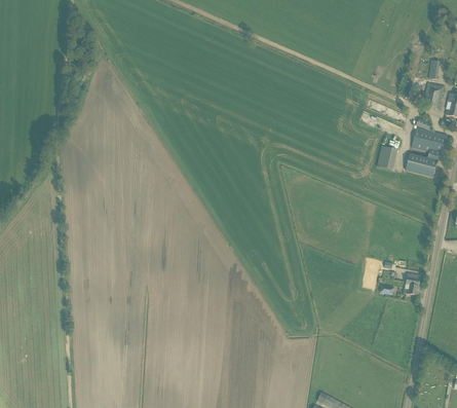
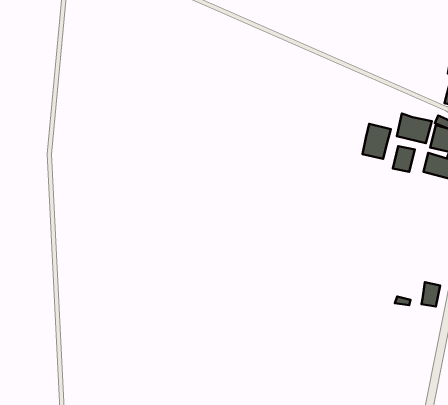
building: none -> [397,114,432,143]
building: none -> [362,124,391,159]

